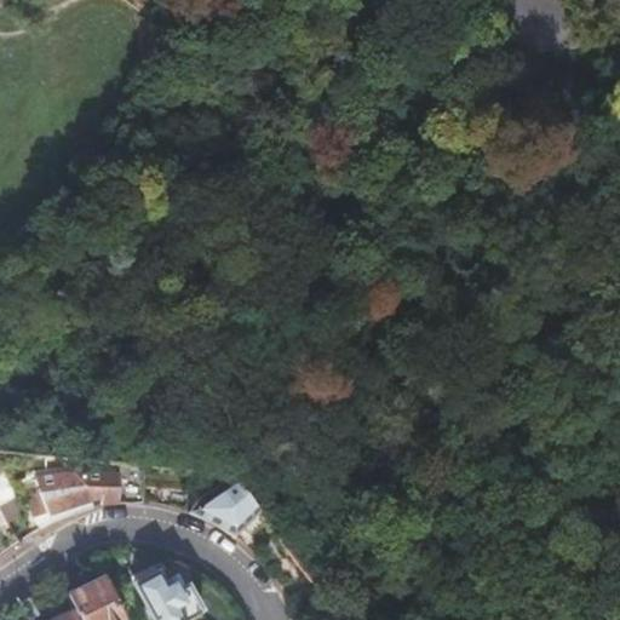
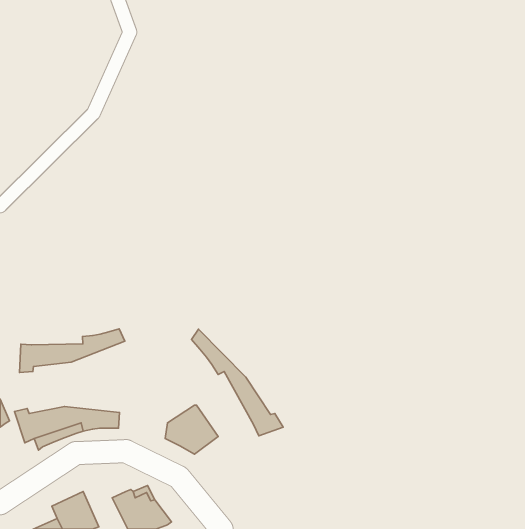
building: none -> [19,329,125,372]
building: none -> [191,329,283,436]

